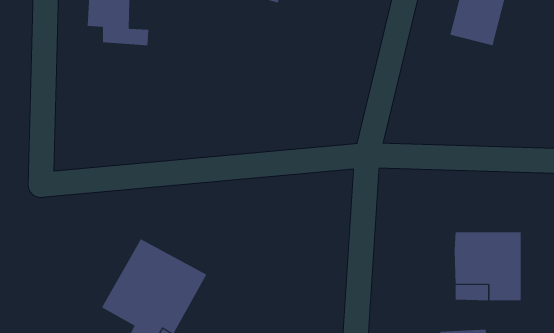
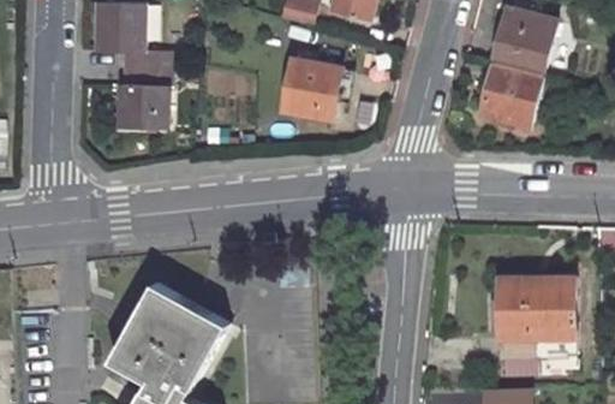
building: none -> [281,59,348,123]
building: none -> [478,60,542,126]
building: none -> [111,69,166,130]

